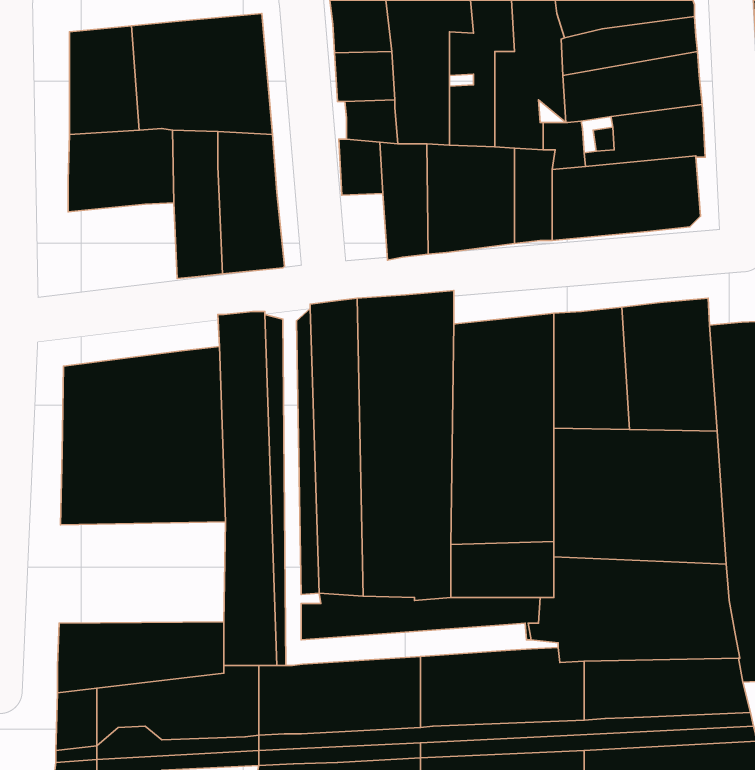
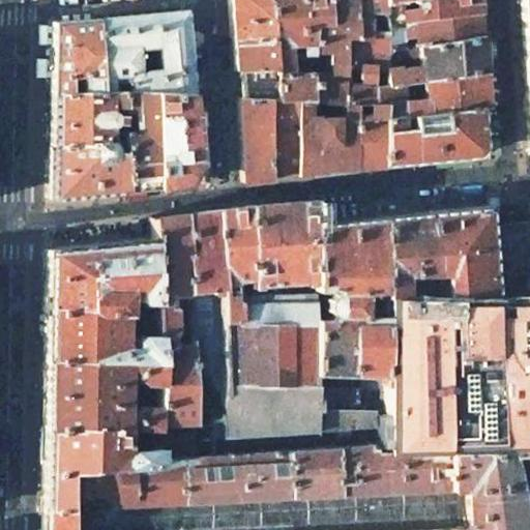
building: none -> [246,135,277,183]
building: none -> [59,141,134,200]
building: none -> [194,210,225,458]
building: none -> [53,359,167,429]

